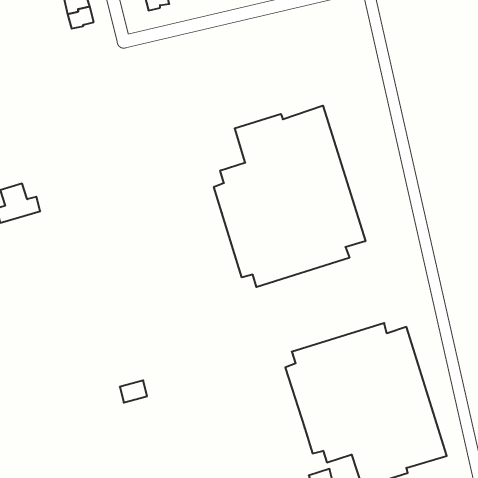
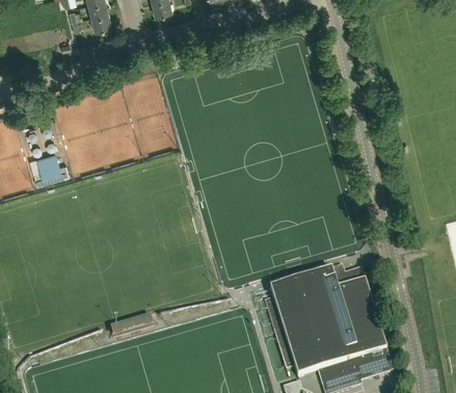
building: [214,106,365,287] -> none

